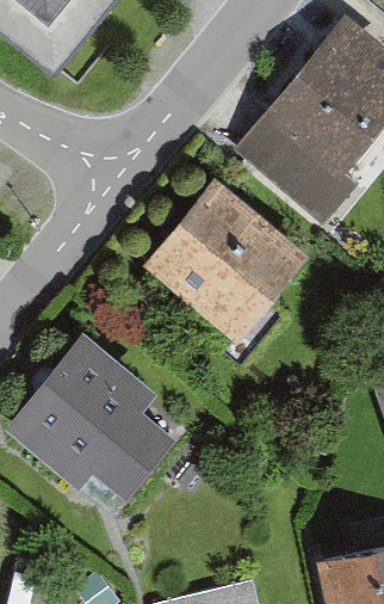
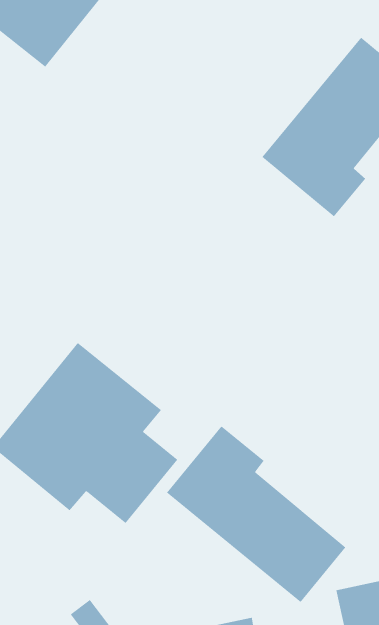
building: [157,193,306,341] -> none
building: none -> [166,426,346,603]

